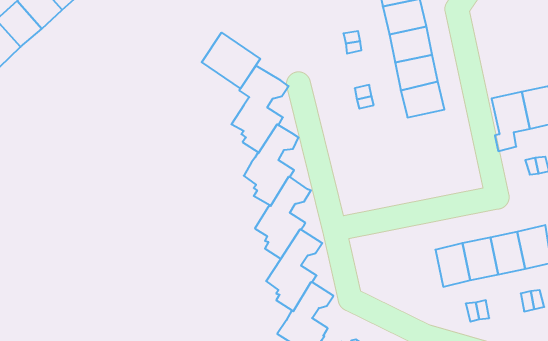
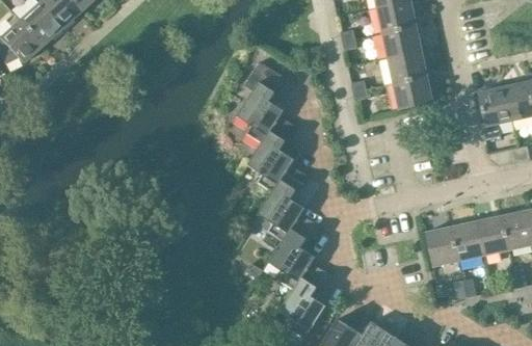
building: [202,33,260,89] -> none

